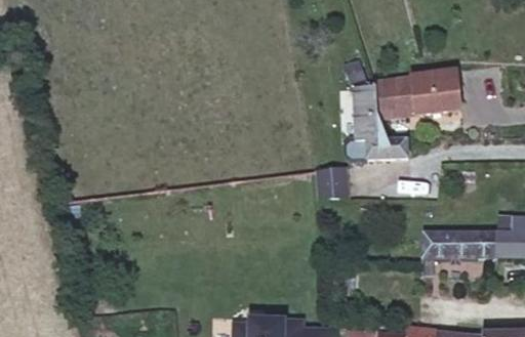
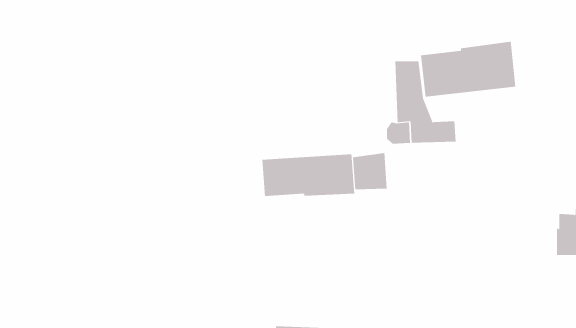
building: none -> [262,153,355,197]
building: [422,231,495,273] -> none

